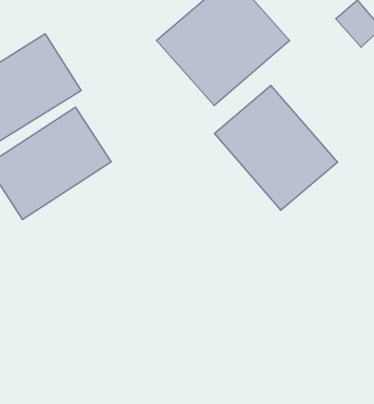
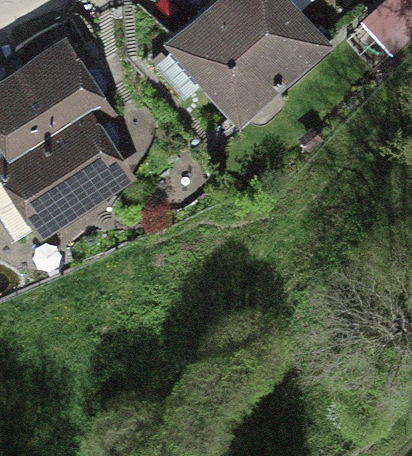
building: [215,85,337,210] -> none

